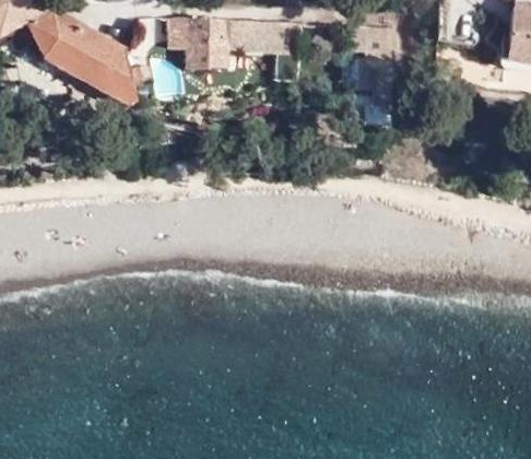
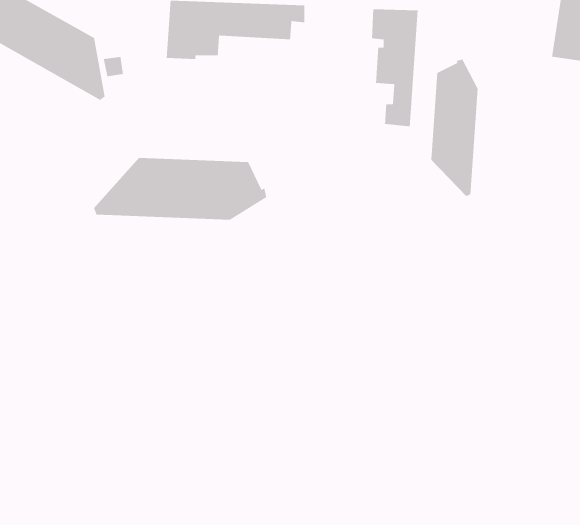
building: none -> [431,59,478,197]
building: none -> [93,157,267,220]

